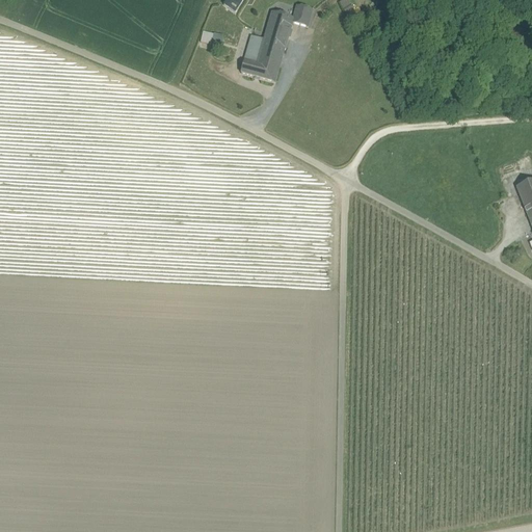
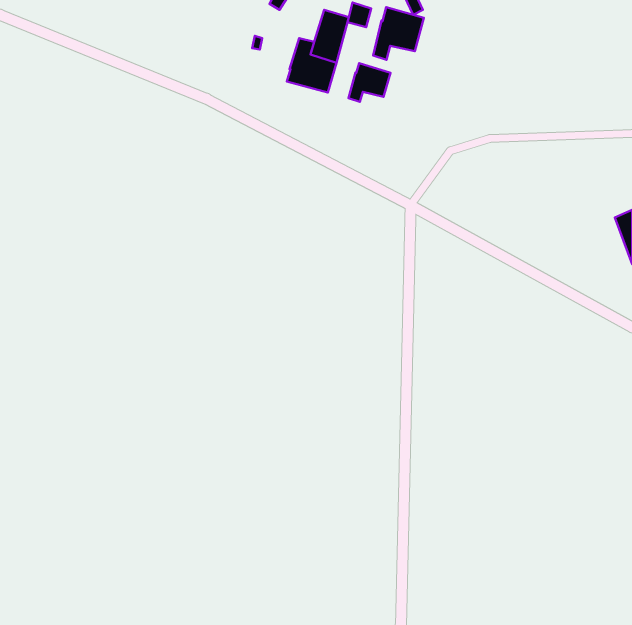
building: none -> [373,7,424,60]
building: none -> [349,63,391,102]

